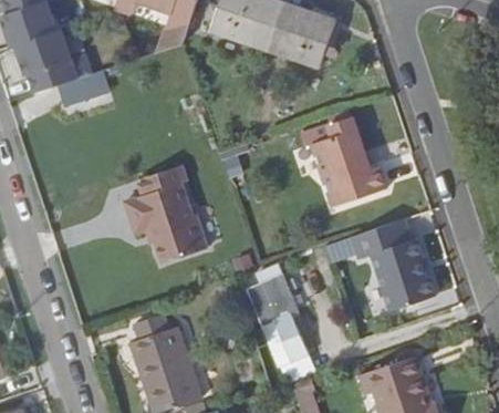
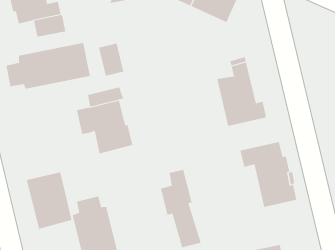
building: none -> [98,42,124,76]
building: none -> [6,42,90,89]
building: none -> [26,172,72,229]

